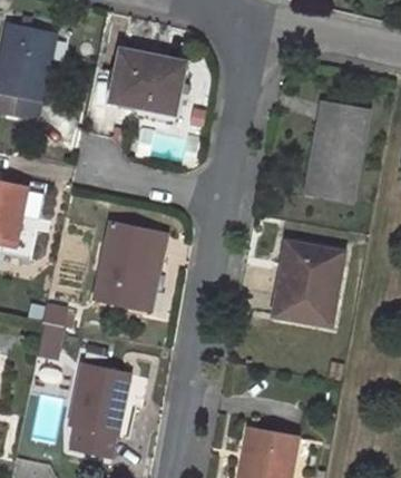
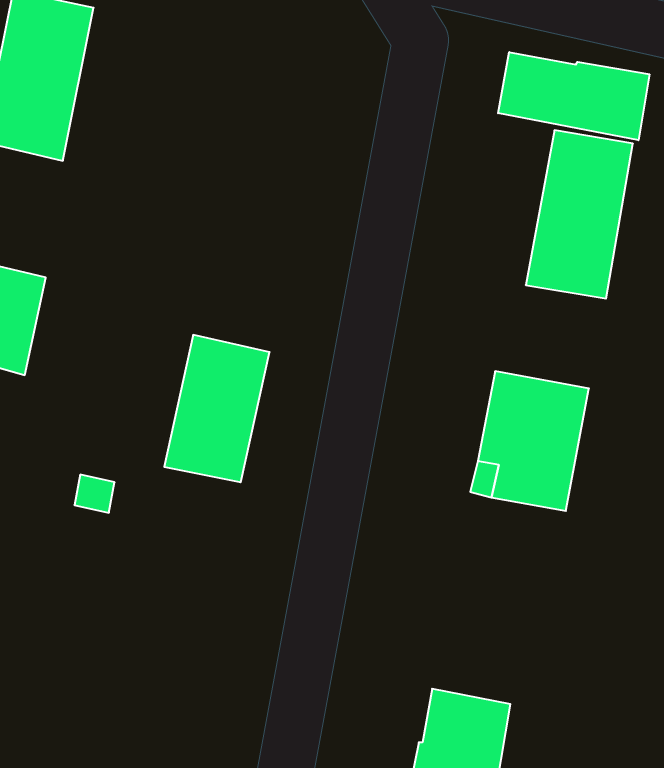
building: [94,50,184,114] -> none
building: none -> [498,52,649,140]
building: [69,365,129,457] -> none

